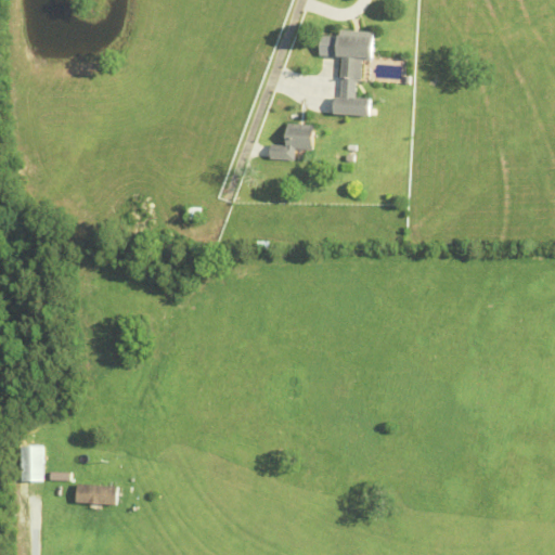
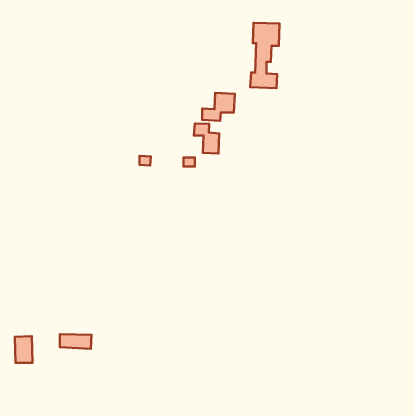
building: none -> [194,123,219,154]
building: [76,483,118,503] -> [60,334,92,349]

